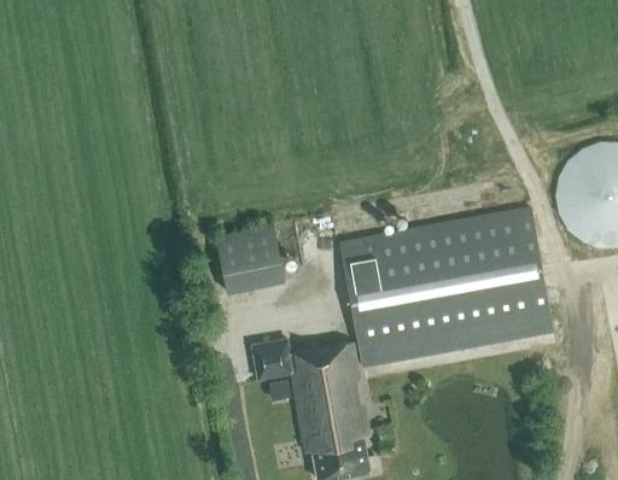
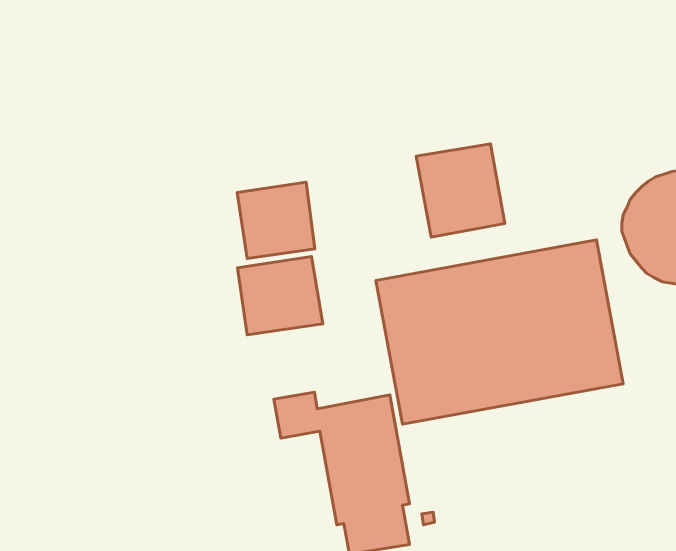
building: none -> [416,144,505,237]
building: none -> [237,182,315,259]

